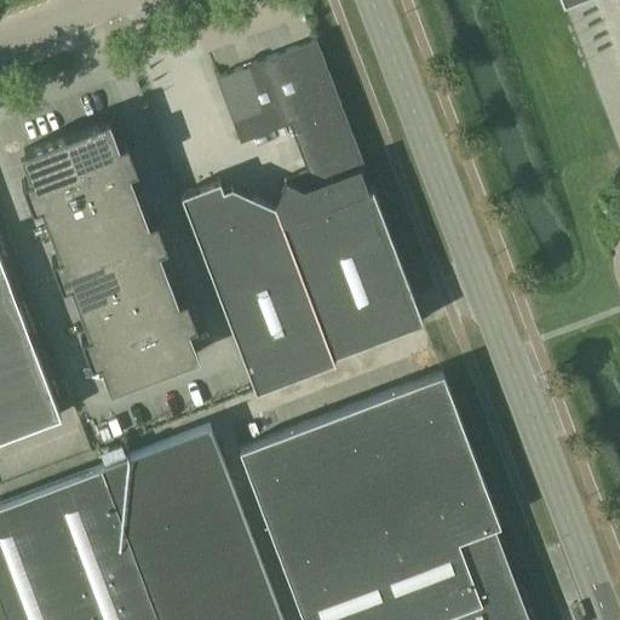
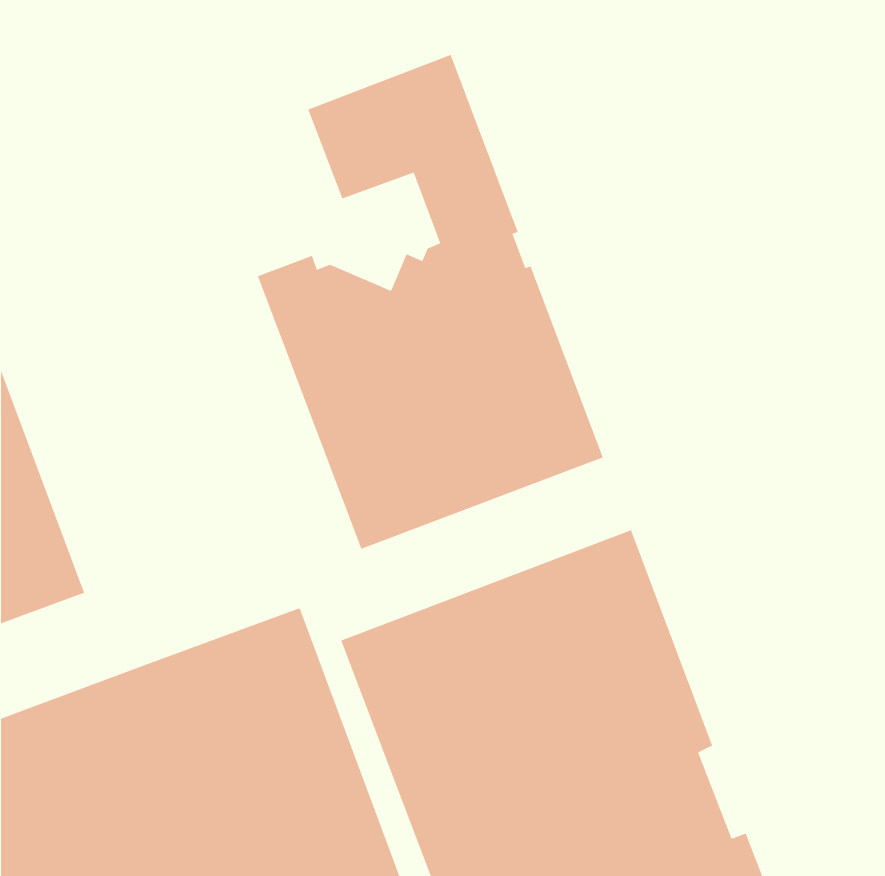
building: [22,126,196,392] -> none

